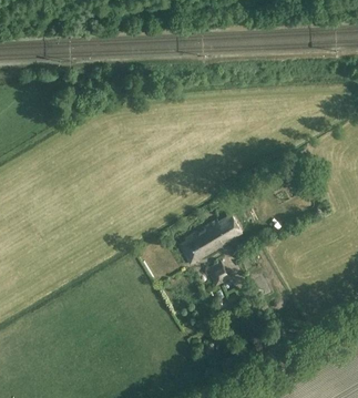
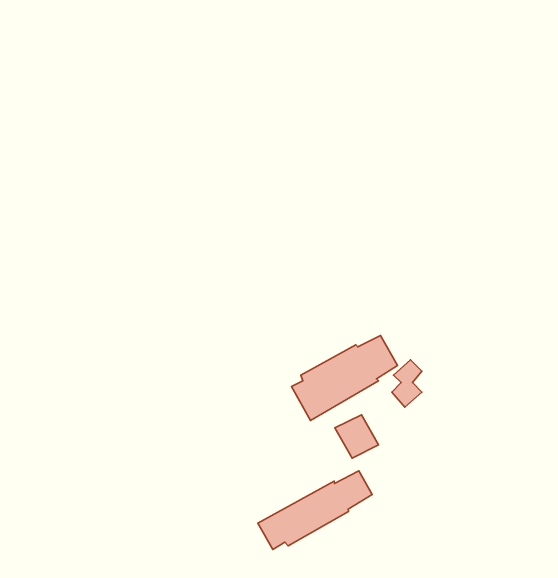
building: none -> [258,471,372,550]

